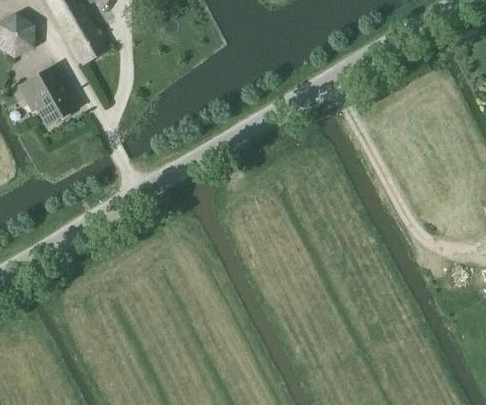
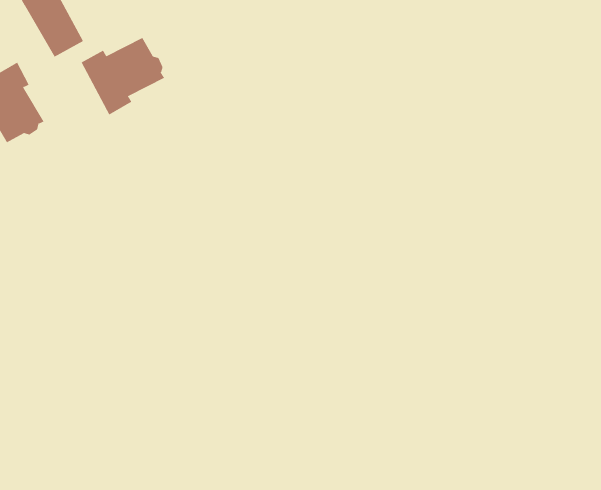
building: none -> [81,37,165,116]

